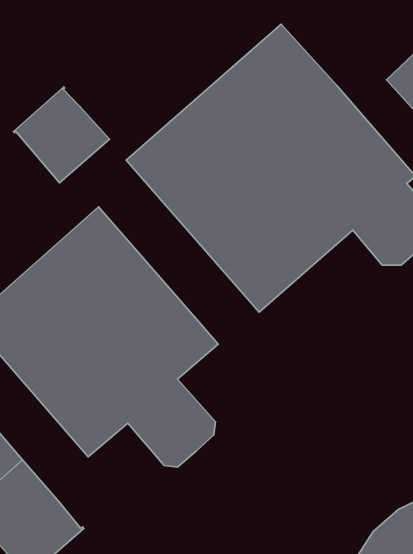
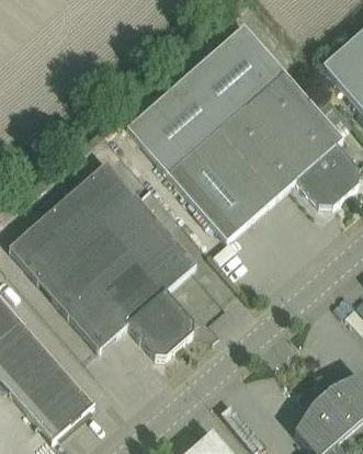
building: [14,87,110,183] -> none

